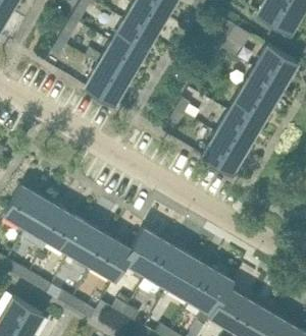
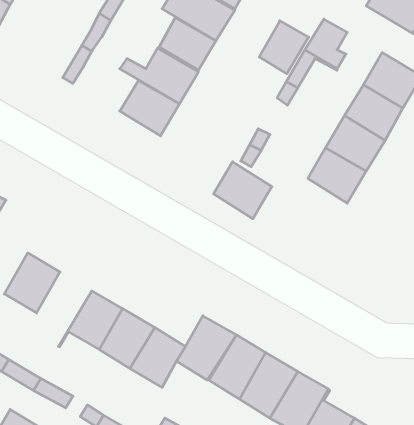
building: none -> [259,21,309,74]
building: [203,133,244,173] -> [214,162,272,219]
building: [21,199,65,250] -> none

